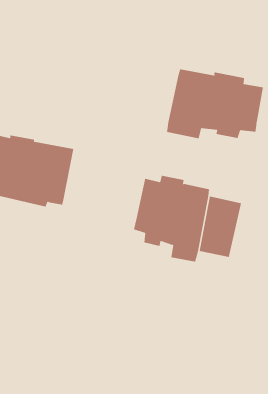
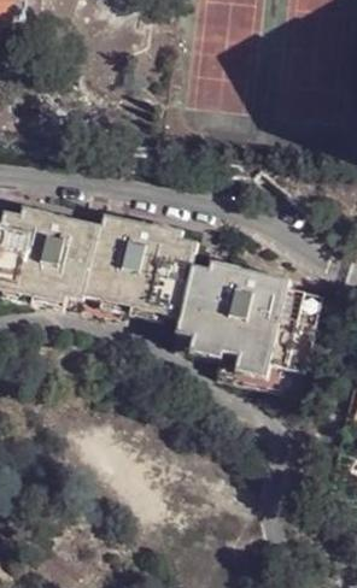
building: [166,69,264,139] -> none
building: none -> [92,213,201,317]

